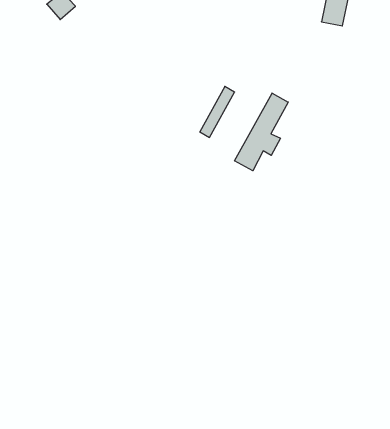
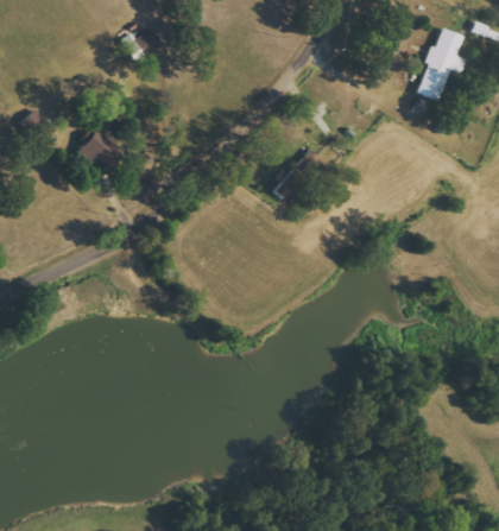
building: [235,93,288,171] -> none
building: none -> [77,128,121,172]

